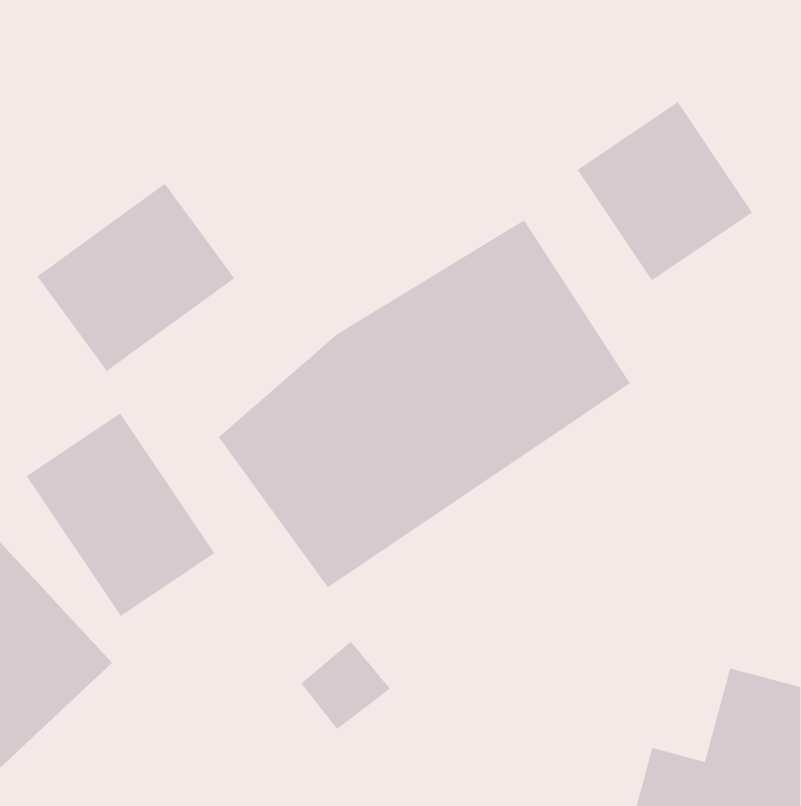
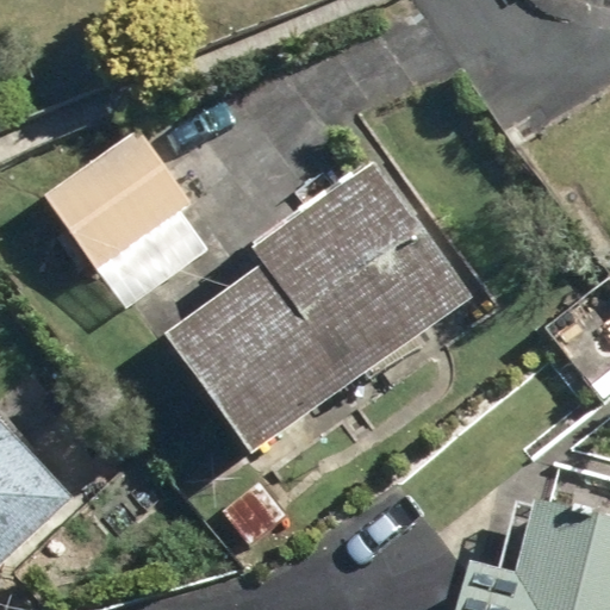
building: [577,101,753,281] -> none
building: [26,413,215,617] -> none

